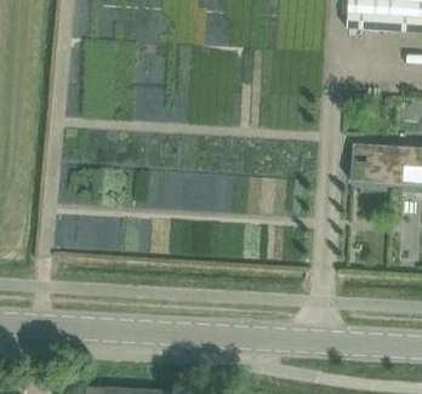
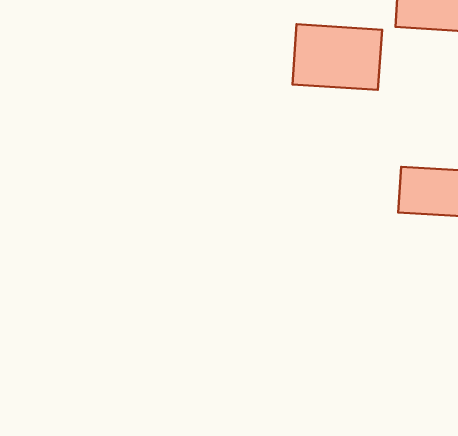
building: none -> [292,24,382,90]

